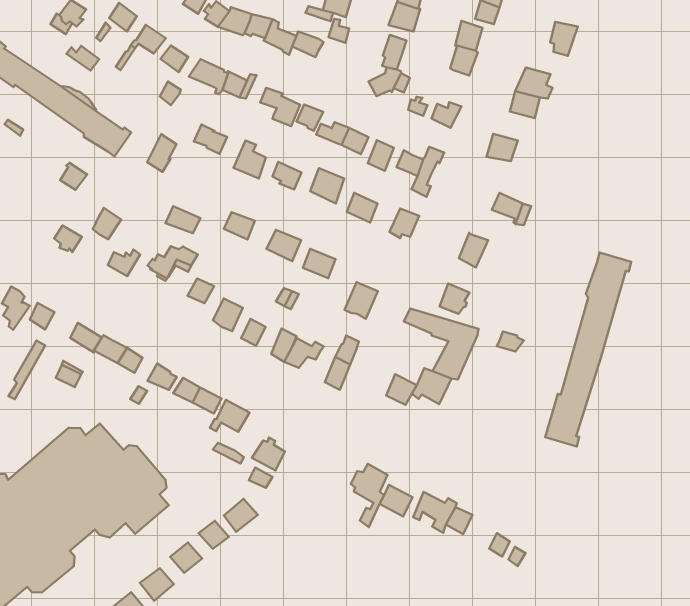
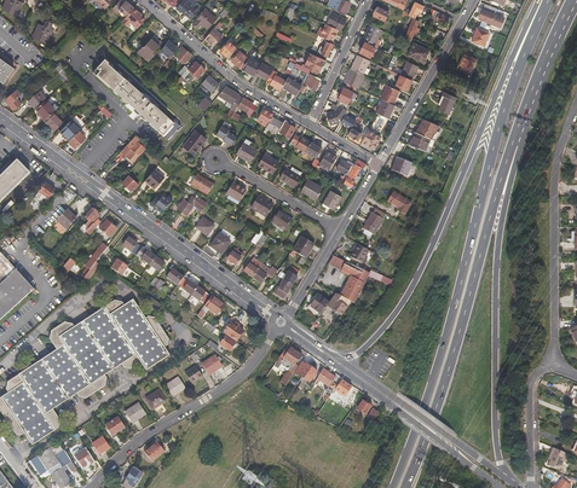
building: [545,252,631,447] -> none

